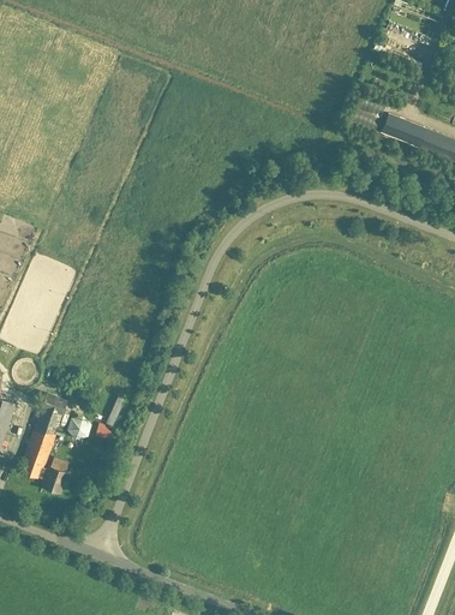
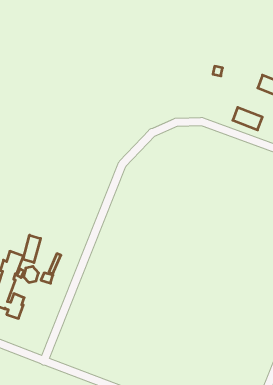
building: [384,114,429,148] -> [233,107,262,130]
building: none -> [23,235,41,263]

